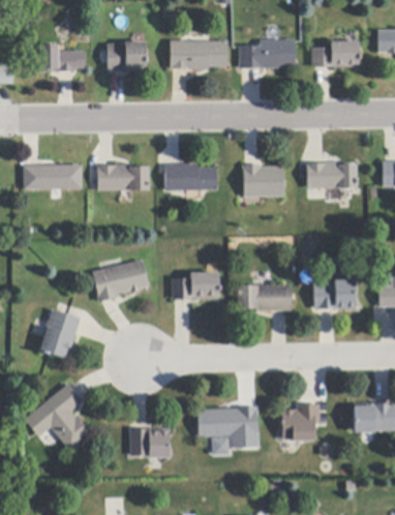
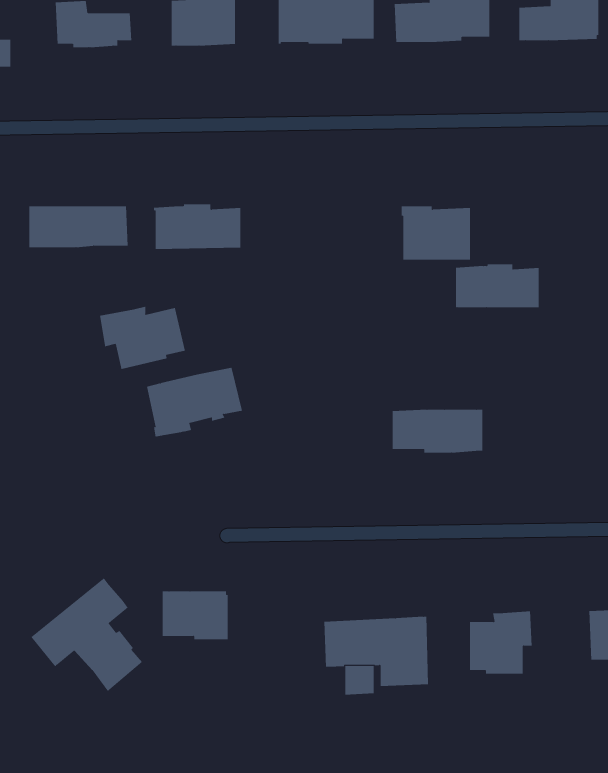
building: [307,161,357,187] -> [455,264,539,308]
building: [164,163,217,190] -> none
building: none -> [99,306,186,370]
building: [173,272,219,299] -> none
building: [314,279,356,308] -> none
building: [40,308,81,358] -> none
building: [130,428,170,457] -> [162,591,229,640]

